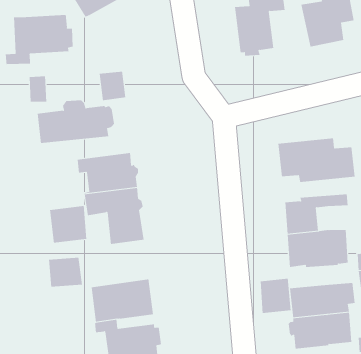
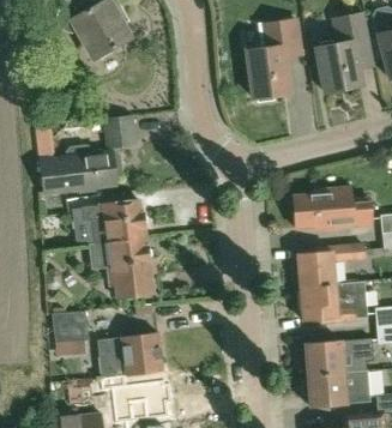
building: [5,14,73,65] -> none
building: [50,205,87,244] -> none
building: [260,278,291,314] -> none

